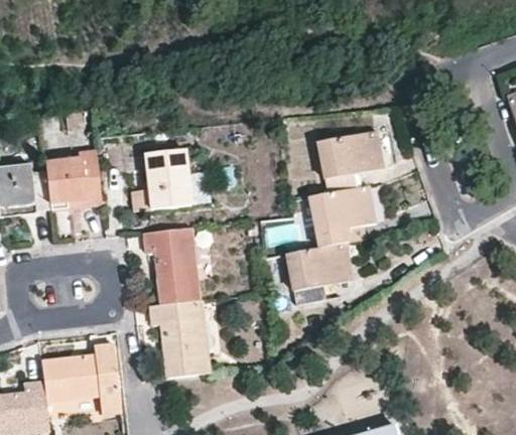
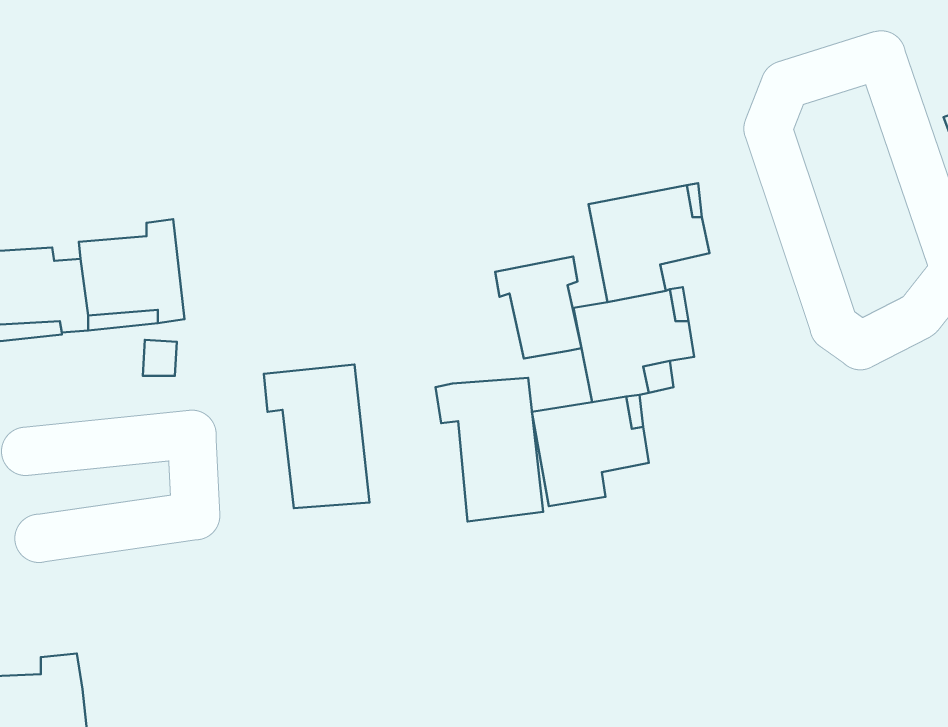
building: [144,148,190,208] -> none
building: none -> [495,257,582,358]
building: [150,301,208,378] -> [436,378,543,521]
building: [41,344,121,413] -> none

